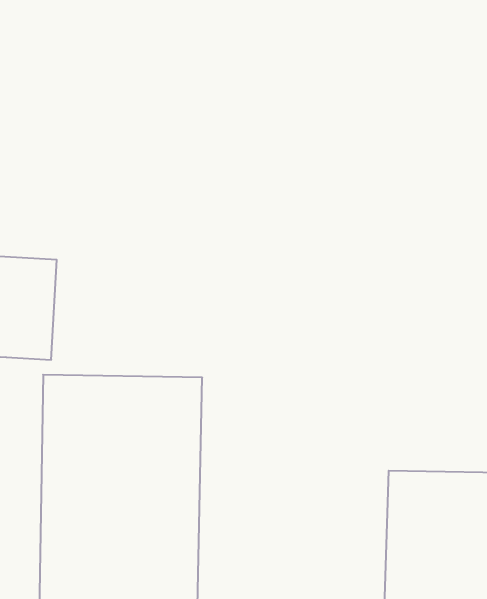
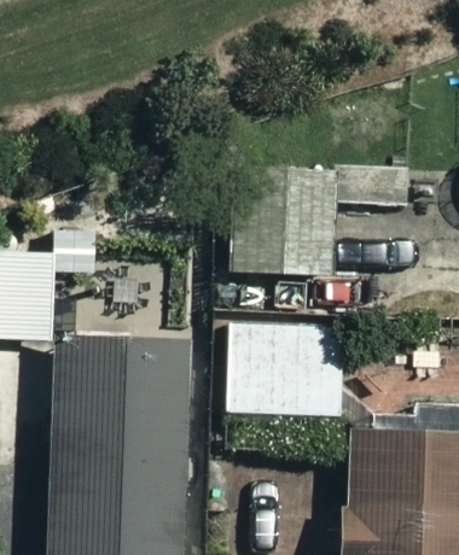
building: none -> [236,166,343,275]
building: none -> [230,323,350,416]

